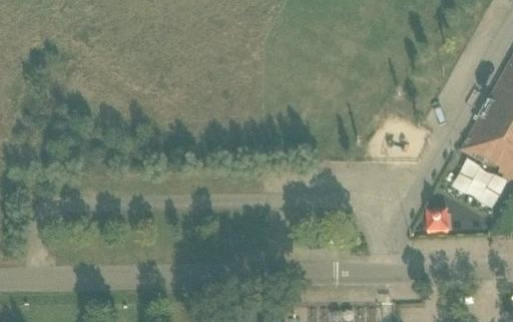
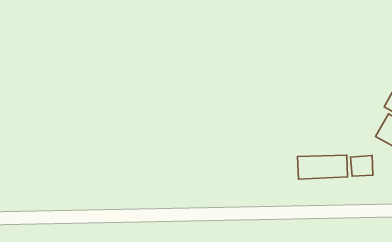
building: none -> [298,155,347,179]

